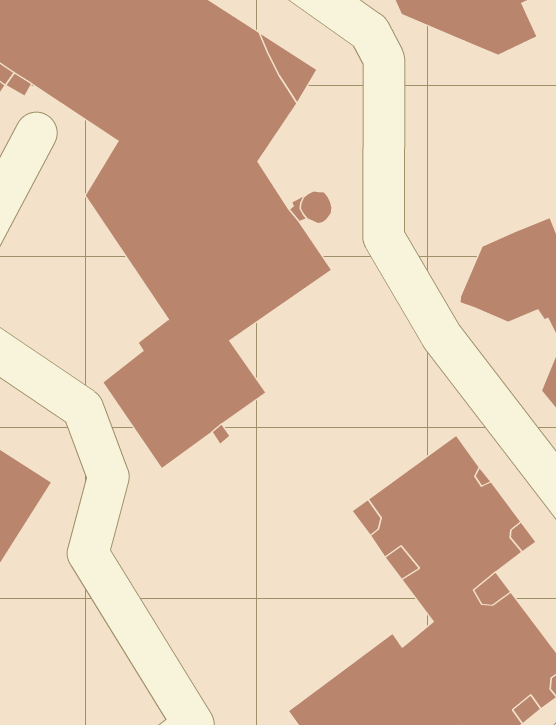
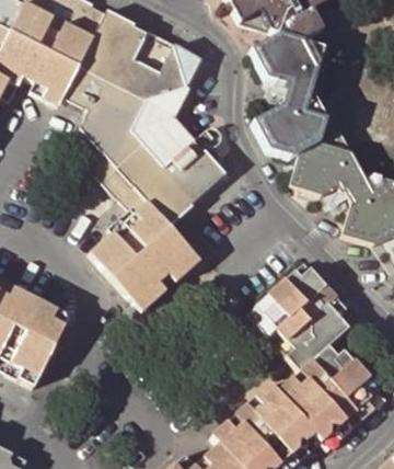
building: none -> [253,31,325,155]

